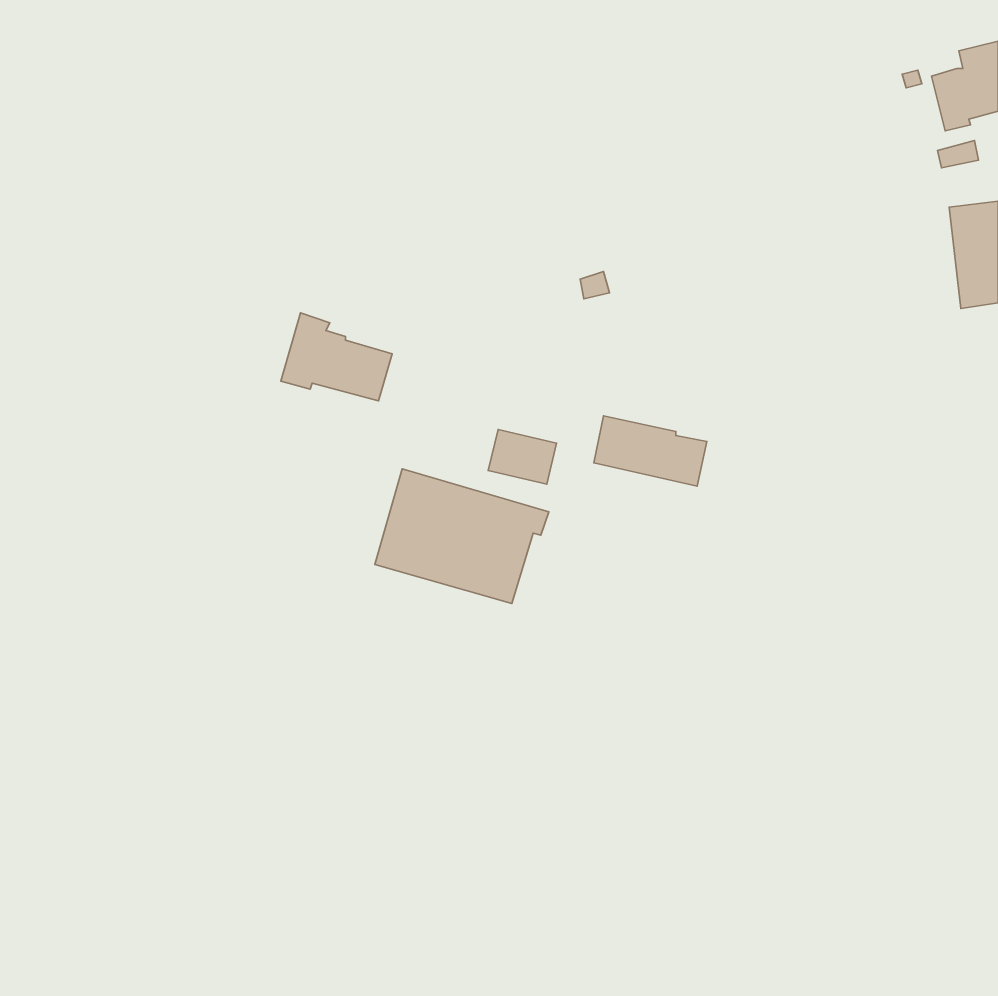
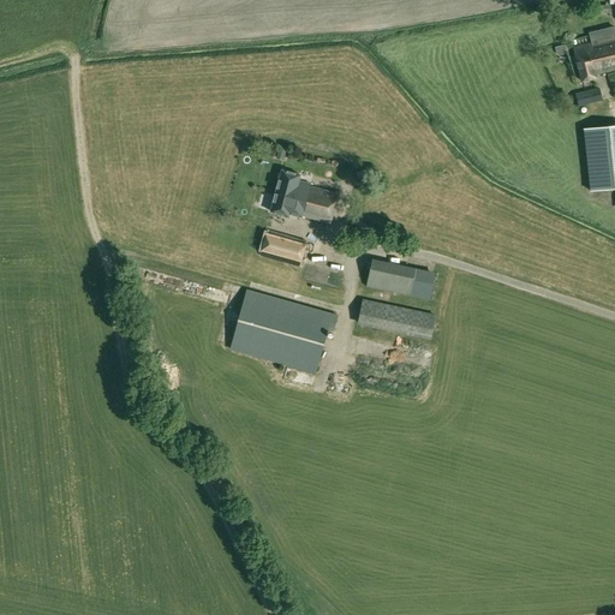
building: [281,313,392,401] -> [270,168,339,222]
building: none -> [261,229,306,264]
building: none -> [359,299,435,336]

